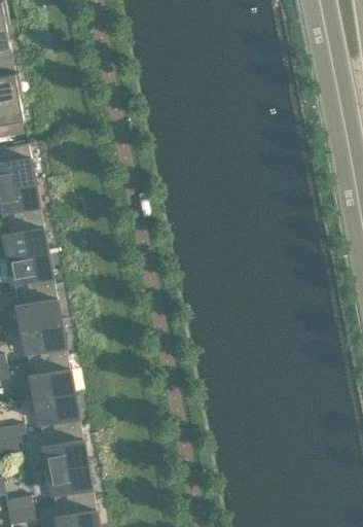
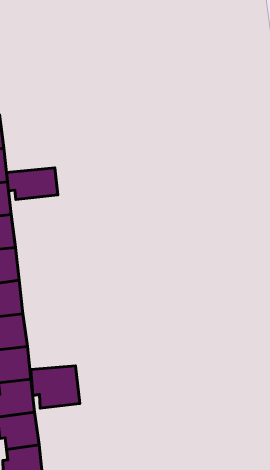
building: none -> [6,168,58,200]
building: none -> [31,366,80,408]

